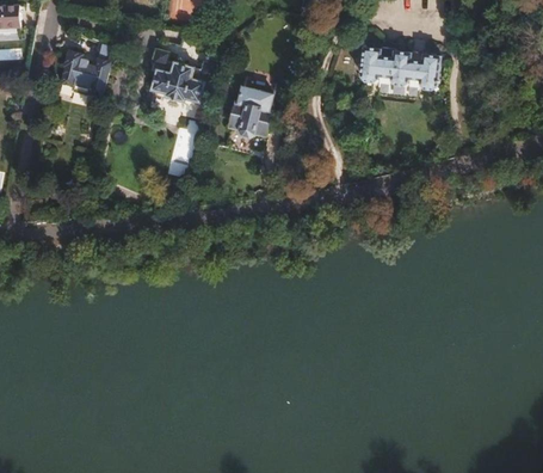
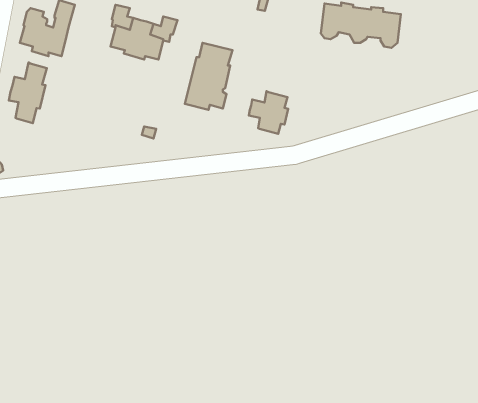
building: none -> [9,62,47,123]
building: none -> [249,91,288,134]

